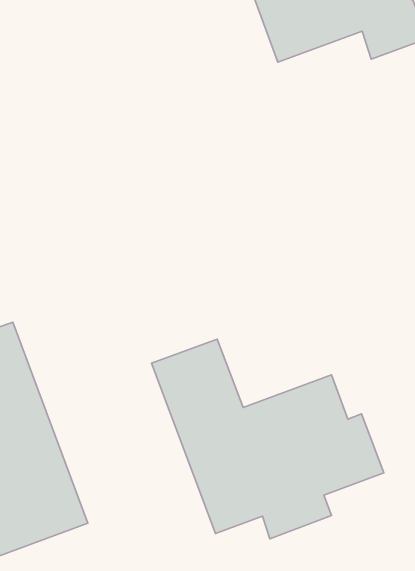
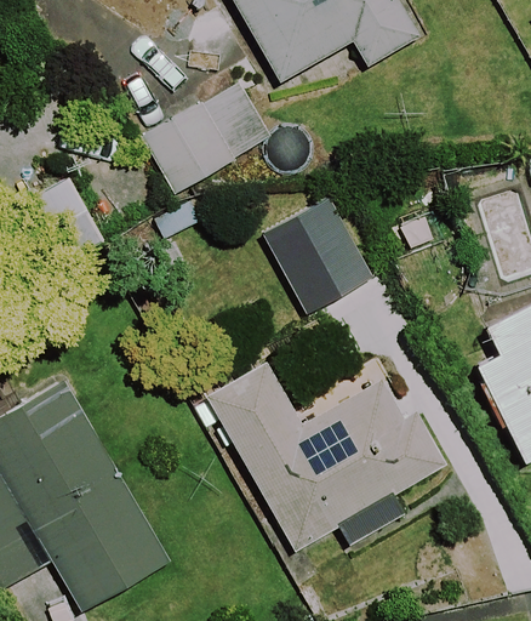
building: none -> [142,81,270,192]
building: none -> [263,196,373,313]

